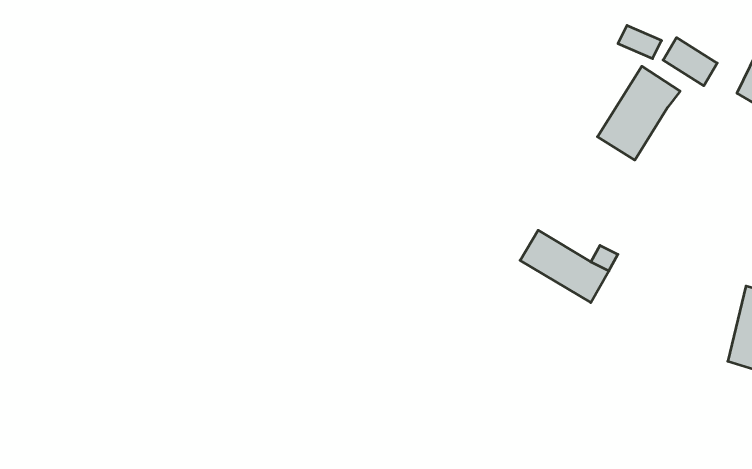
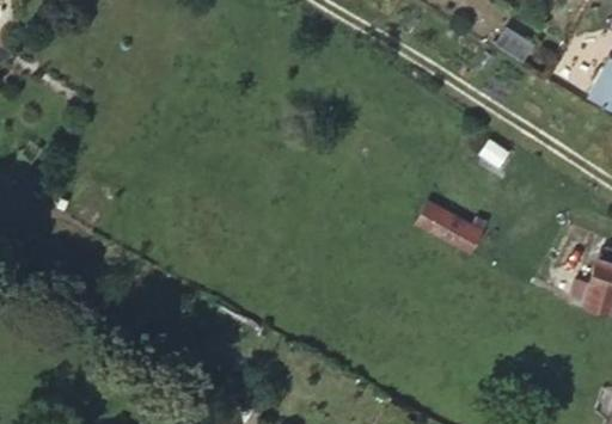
building: [597,66,680,160] -> none

